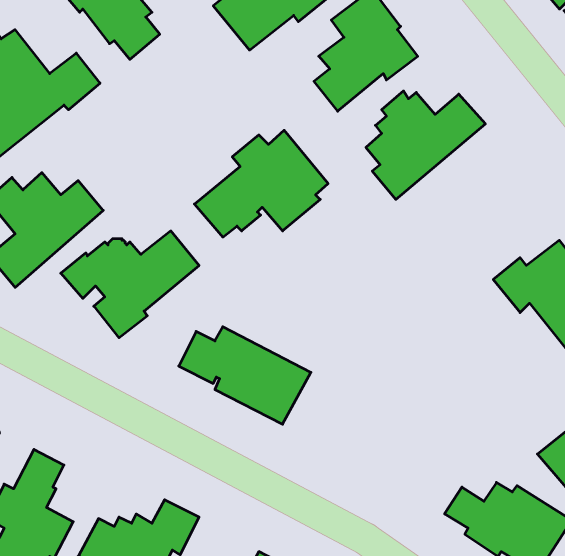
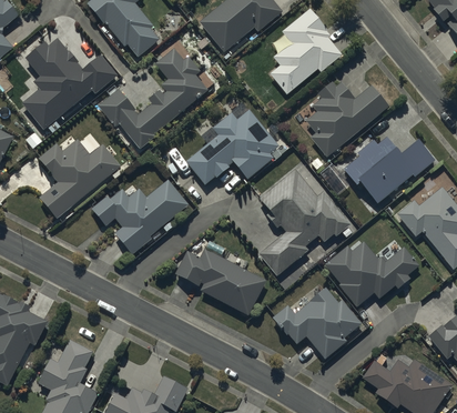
building: none -> [99,47,209,150]
building: none -> [344,137,436,205]
building: none -> [258,169,352,275]
building: none -> [324,242,419,308]
building: none -> [272,286,362,360]

